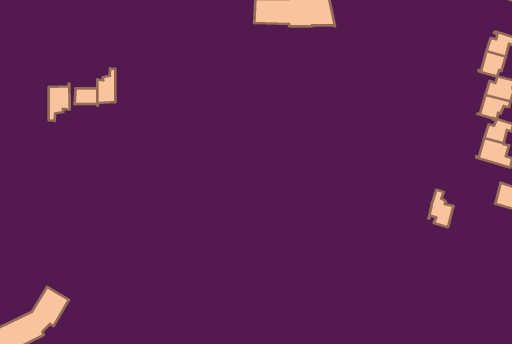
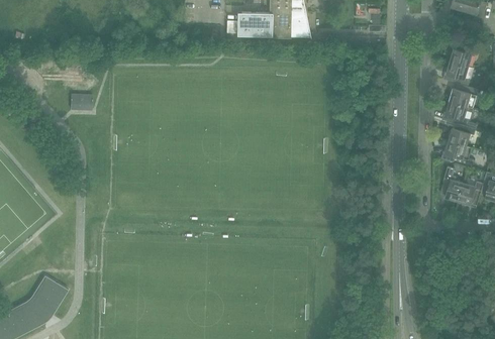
building: [97,68,115,106] -> none
building: [49,83,69,121] -> none
building: [428,190,454,227] -> [440,166,464,201]

